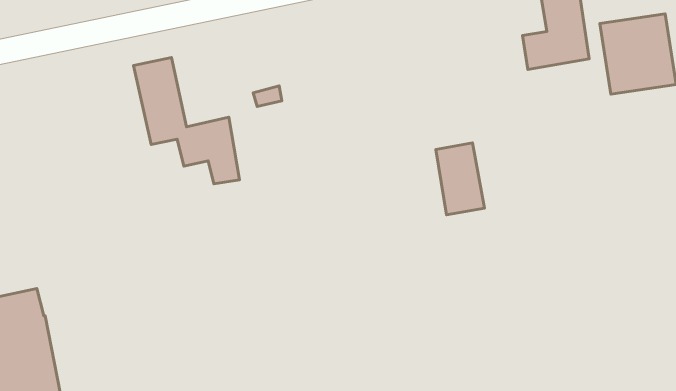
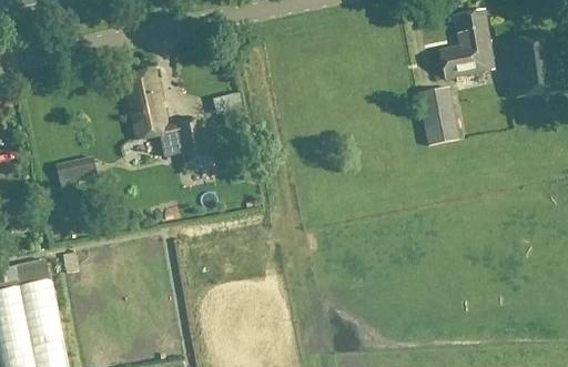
building: [436,143,485,215] -> [419,88,459,146]
building: none -> [57,155,98,184]

